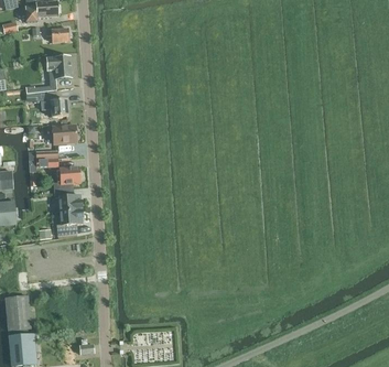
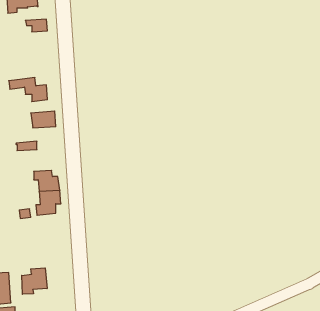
building: [45,56,72,79] -> none
building: [53,166,80,190] -> none
building: none -> [22,268,47,294]

